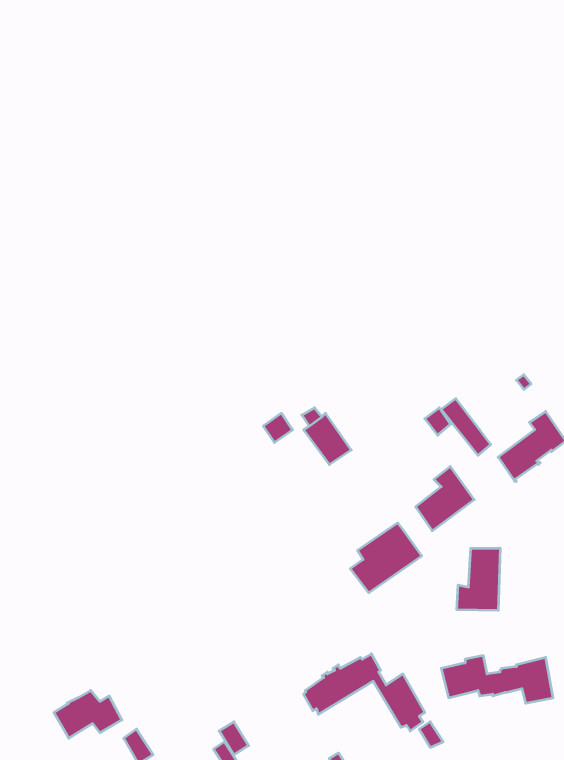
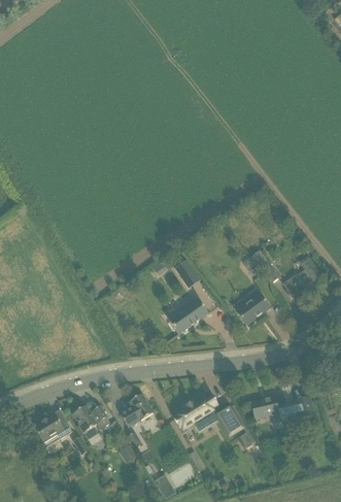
building: [350,523,422,593] -> [168,295,208,334]
building: [457,548,500,610] -> none
building: none -> [118,394,152,427]
building: none -> [72,405,106,439]

